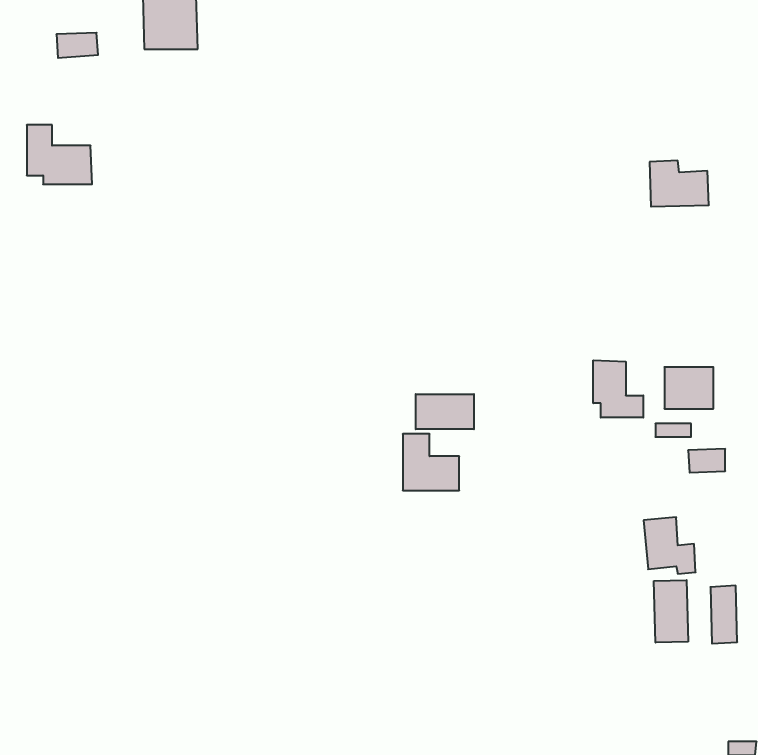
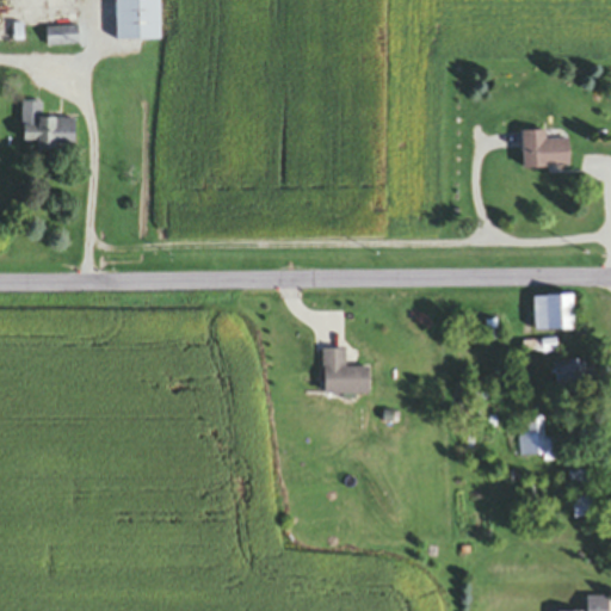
building: [593,360,643,418] -> none
building: [416,394,474,429] -> none
building: [654,580,688,643] -> none

